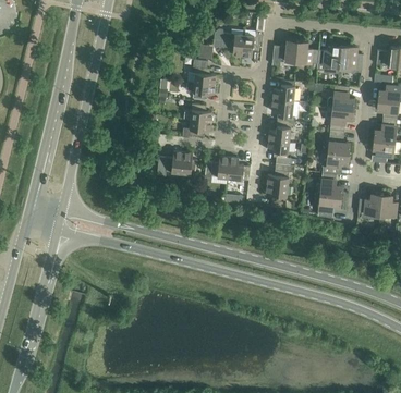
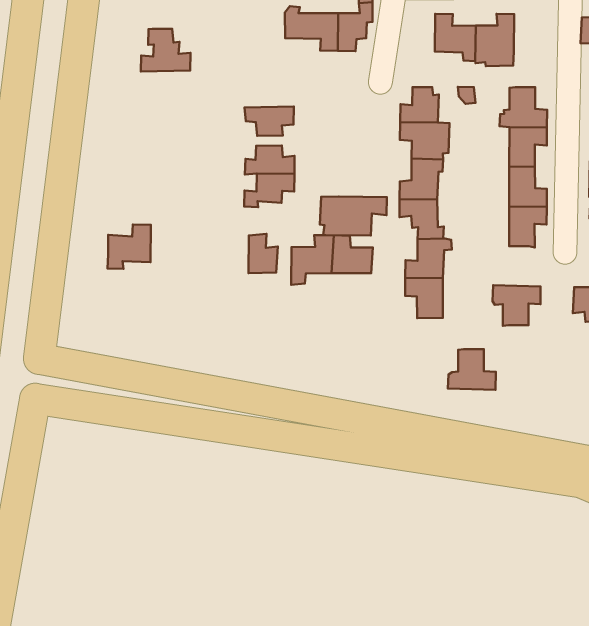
building: [272,39,297,65] -> none
building: [339,45,363,72] -> none
building: [187,59,216,84] -> [141,29,190,71]
building: none -> [320,196,387,236]
building: [157,151,183,175] -> [107,224,151,269]
building: [315,172,342,196] -> [448,349,496,390]

